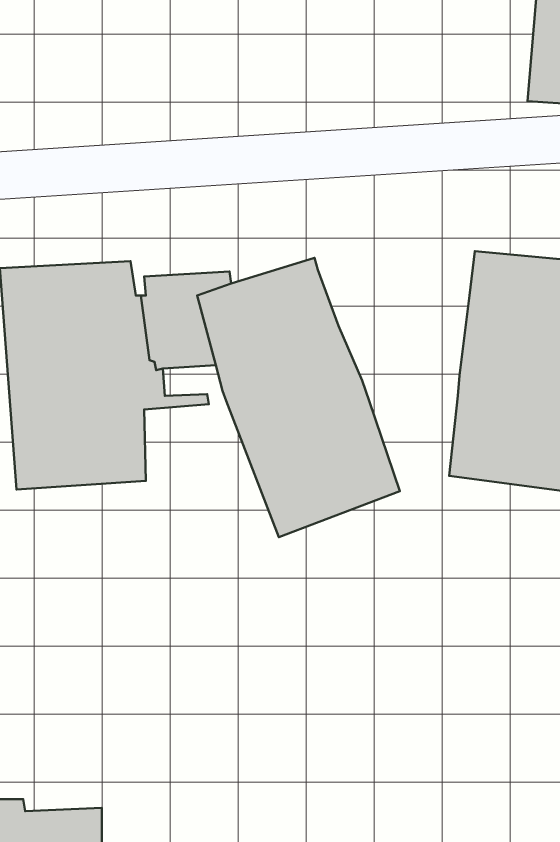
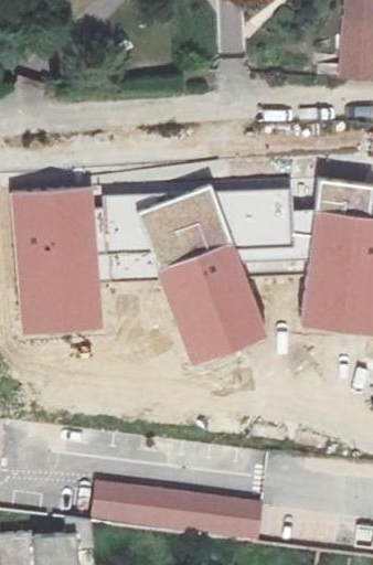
building: none -> [212,188,310,276]
building: none -> [89,481,265,542]

